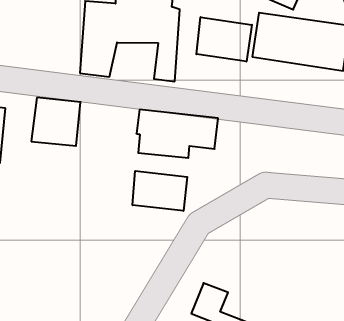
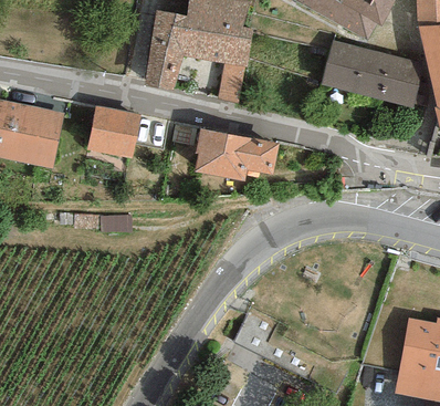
building: [196,17,252,62] -> none
building: [133,171,187,211] -> none

